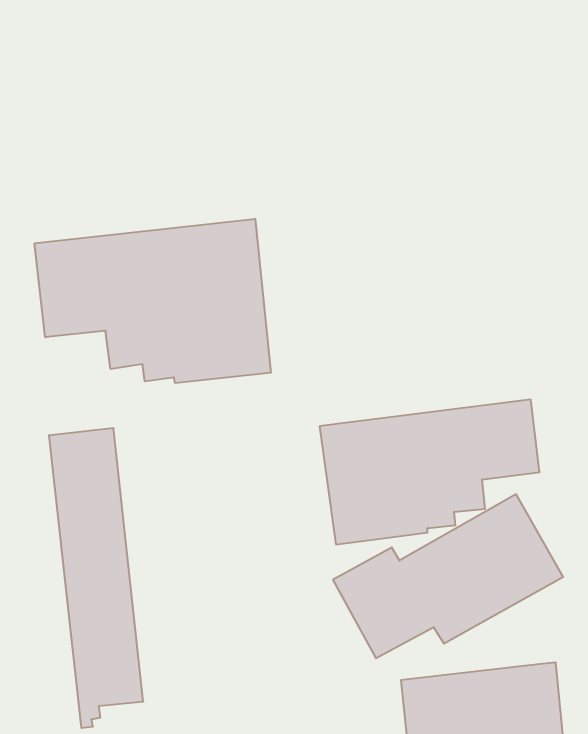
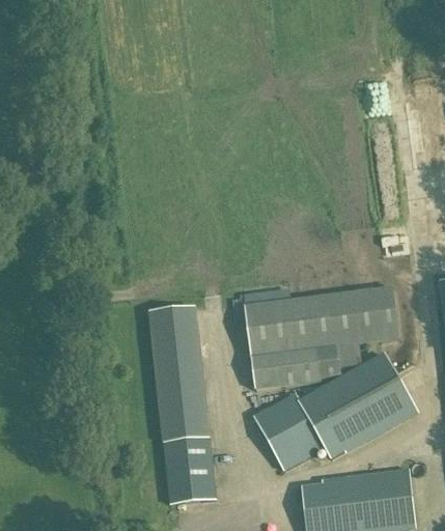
building: [35,219,271,383] -> none
building: [49,428,143,728] -> [149,306,216,516]

